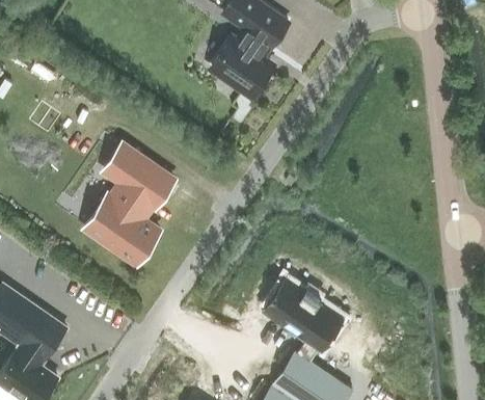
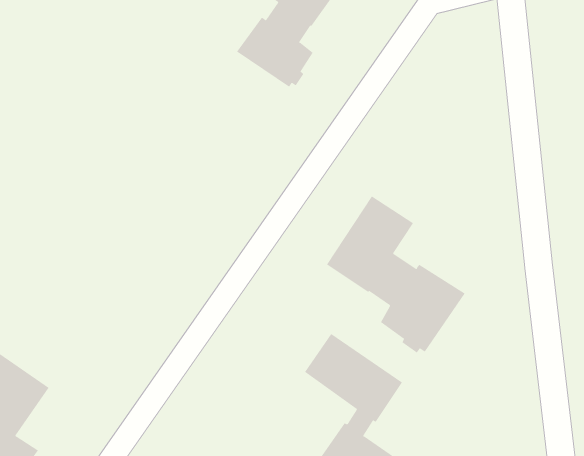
building: [85,143,174,263] -> none
building: none -> [326,195,465,353]

